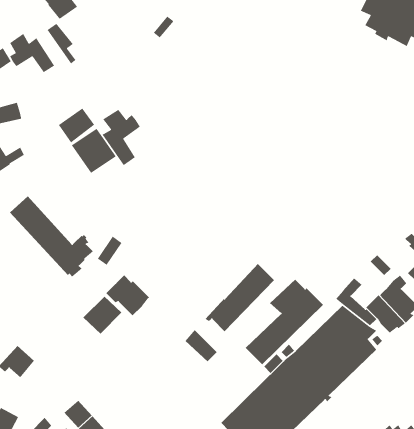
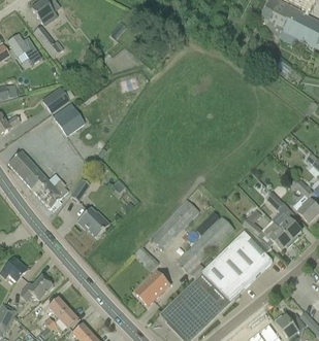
building: [101,109,141,166] -> none
building: [83,296,122,335] -> none
building: none -> [134,271,169,305]
building: none -> [20,275,52,301]

